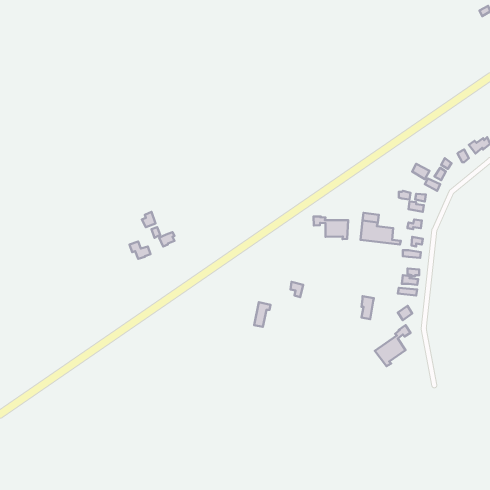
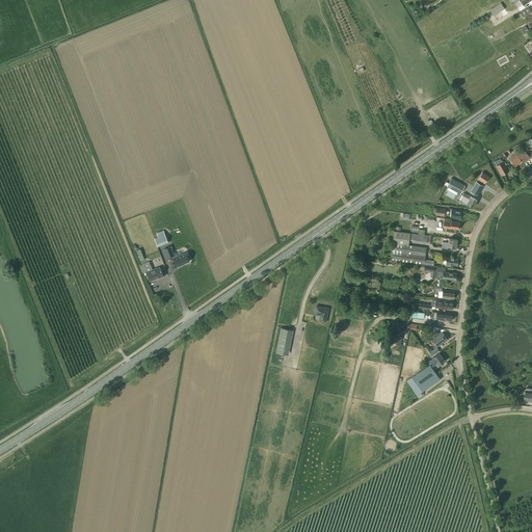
building: [314,217,348,239] -> none

